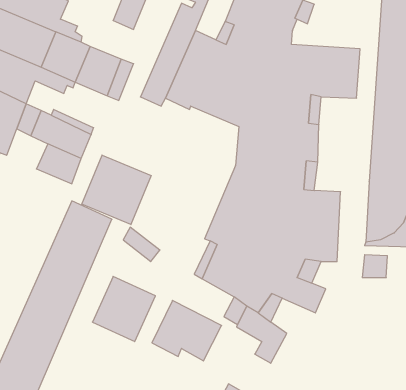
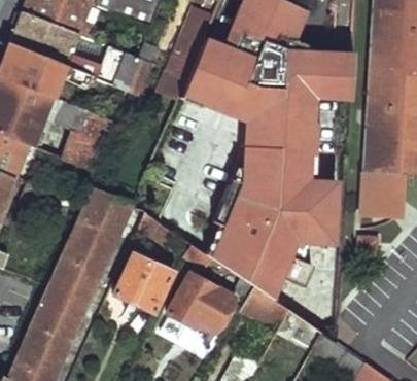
building: [82,155,151,225] -> none

